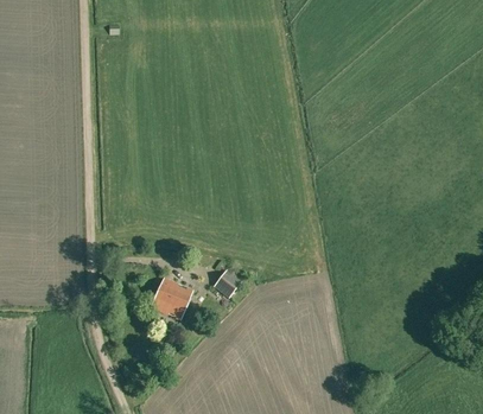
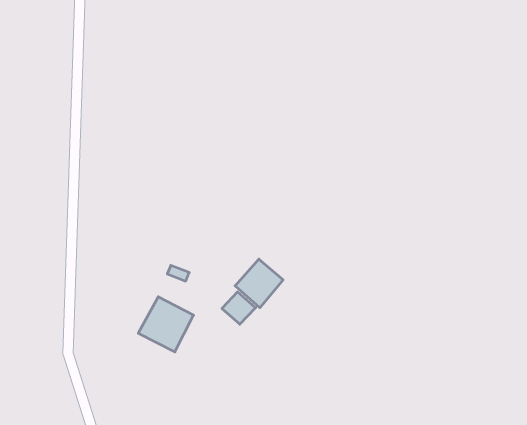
building: none -> [235,259,283,308]

